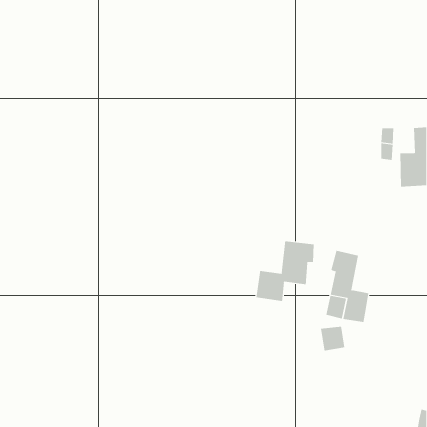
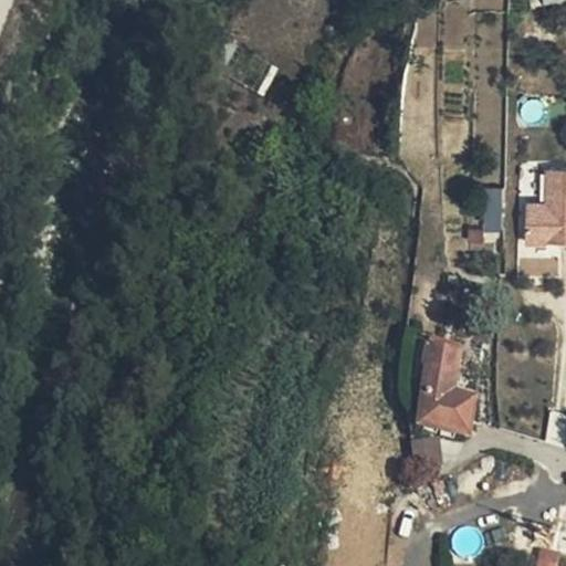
building: [256,240,314,302] -> none

